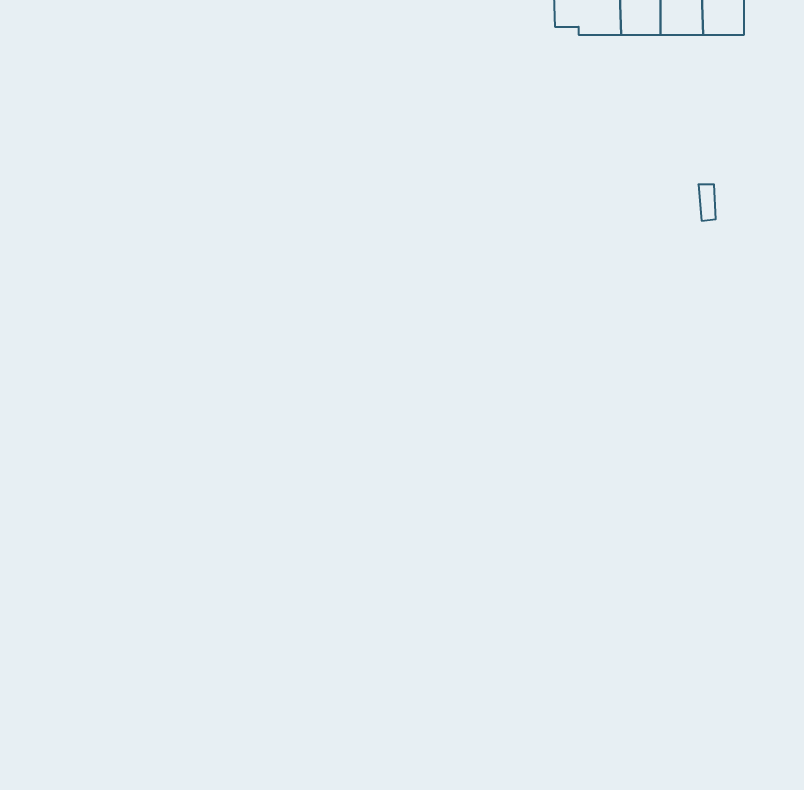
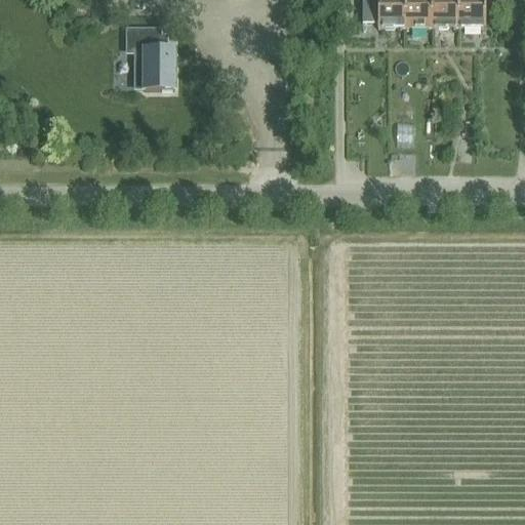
building: none -> [135,33,173,85]

